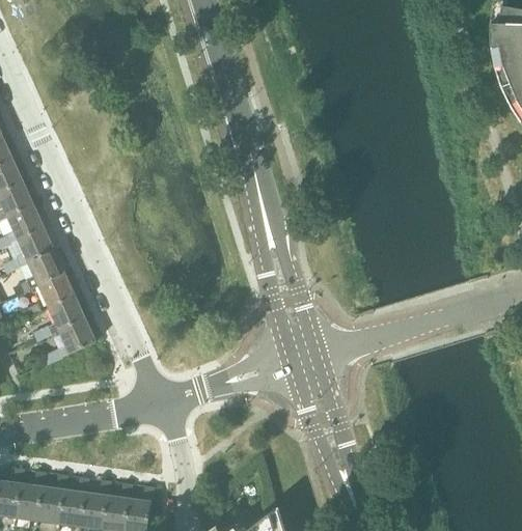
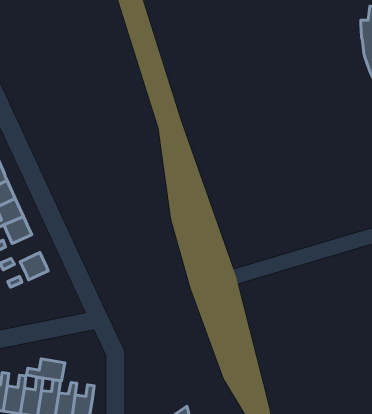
building: [50,298,85,332] -> none
building: none -> [27,359,65,381]

